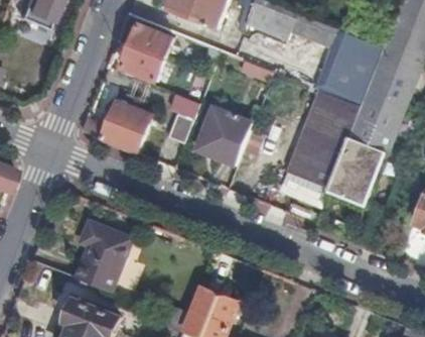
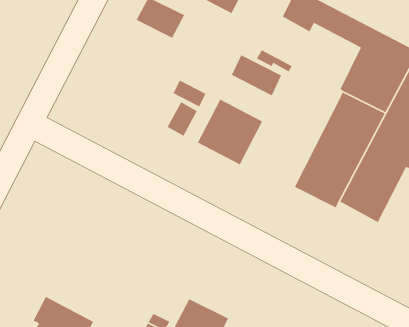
building: [119,45,162,80] -> none
building: none -> [231,54,282,96]
building: [79,100,152,153] -> none
building: [76,220,129,289] -> none

